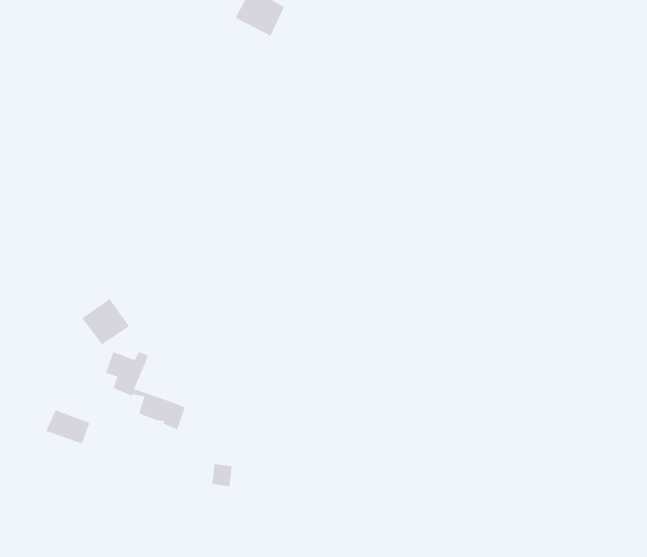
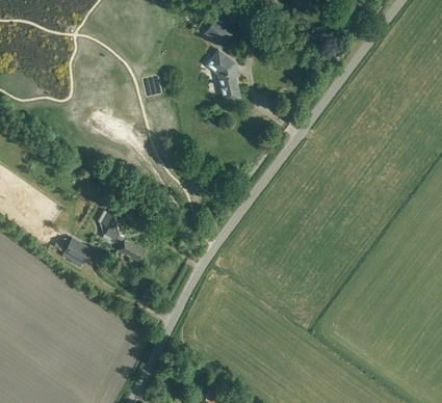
building: none -> [211,51,238,103]
building: [82,298,130,345] -> none

